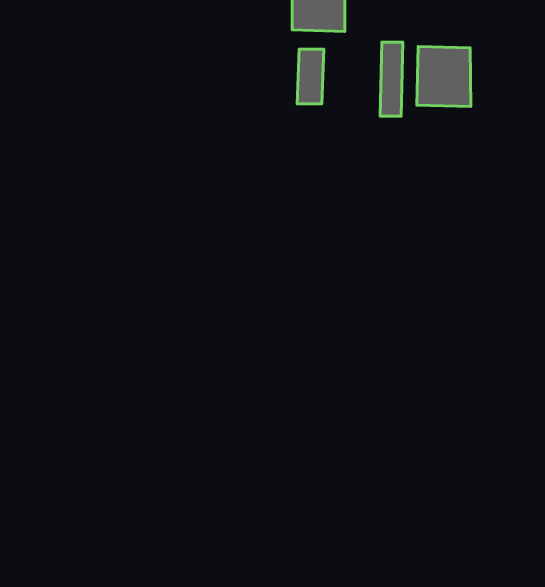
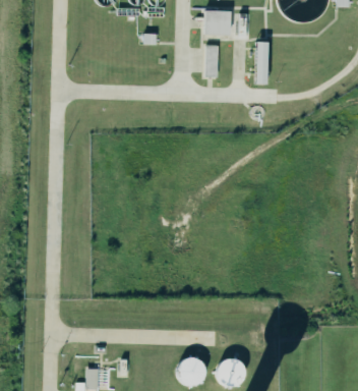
building: [417,47,471,107] -> none

